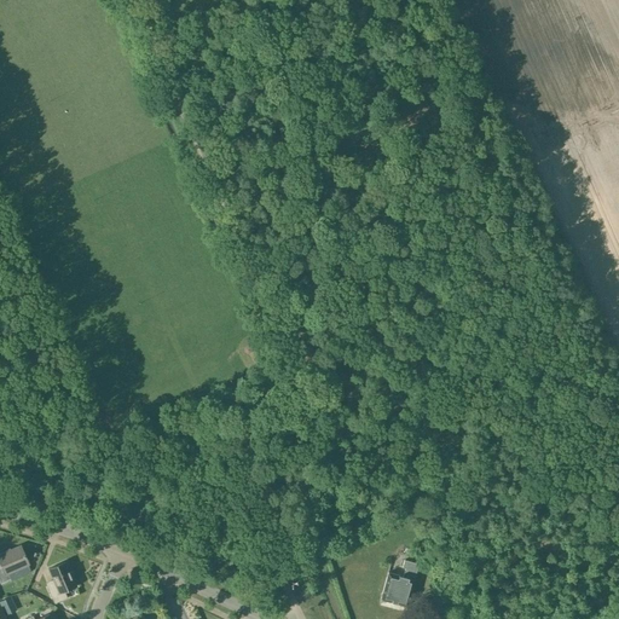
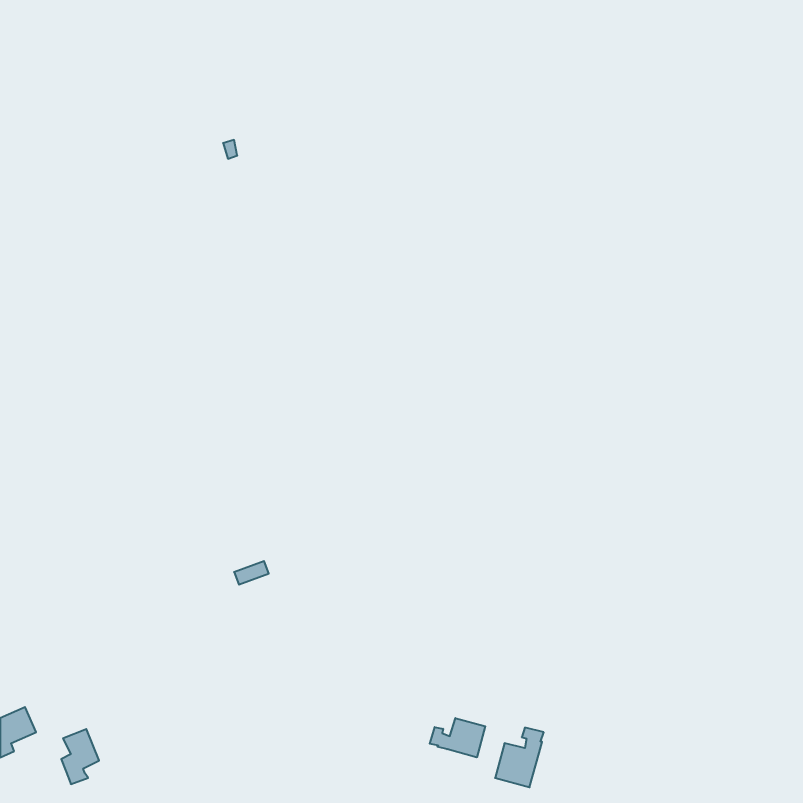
building: none -> [430,718,485,757]

